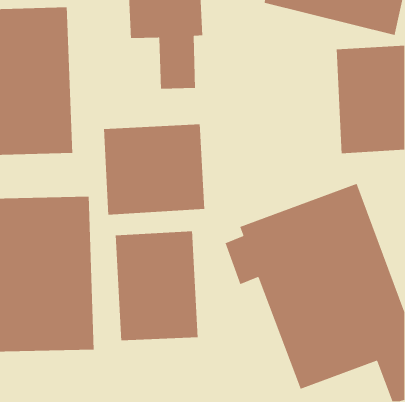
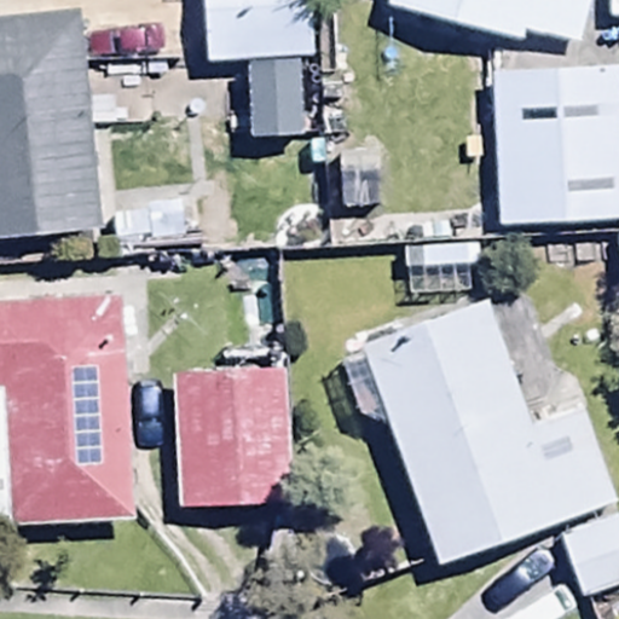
building: [103,123,205,215] -> none

